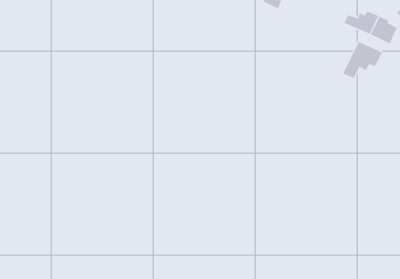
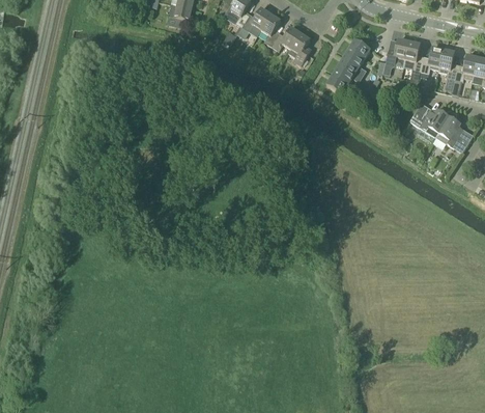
building: [342,41,383,78] -> none

